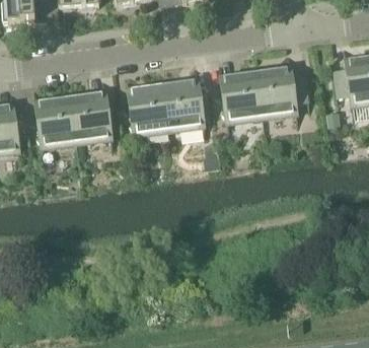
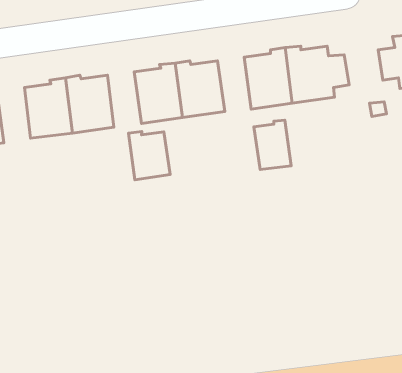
building: none -> [254,120,291,169]
building: none -> [128,131,170,180]

